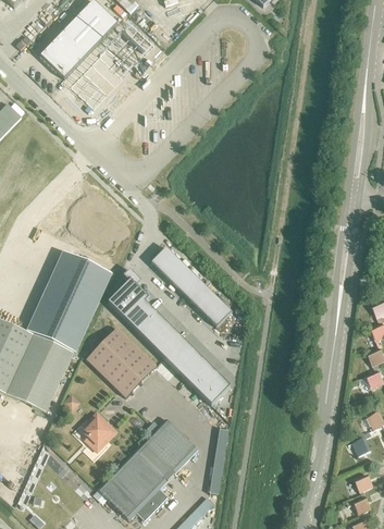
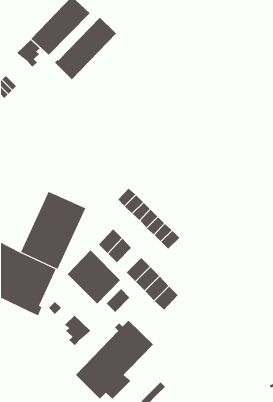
building: none -> [16,39,41,68]
building: [108,270,148,321] -> none
building: [150,325,182,357] -> [106,288,130,313]

